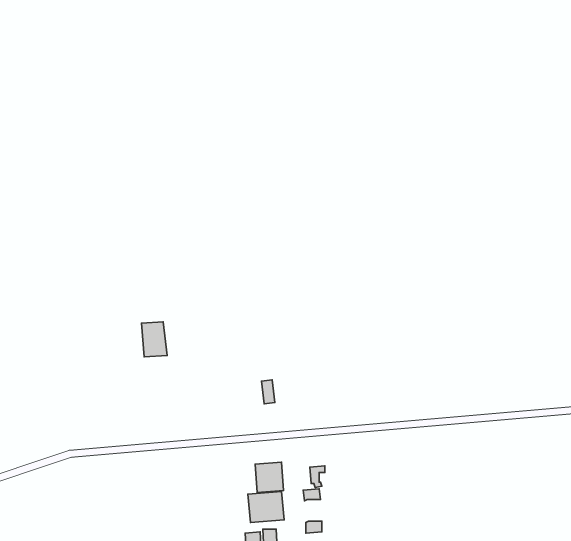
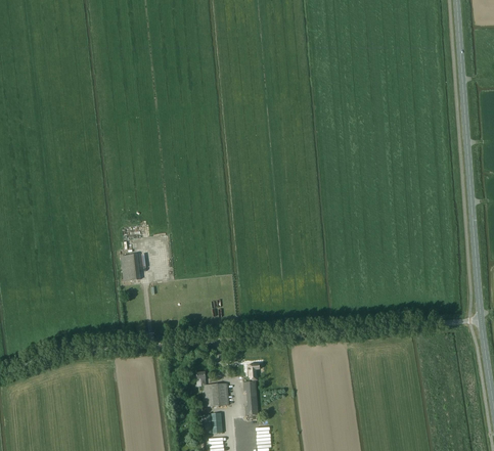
building: [255,462,284,493] -> none

